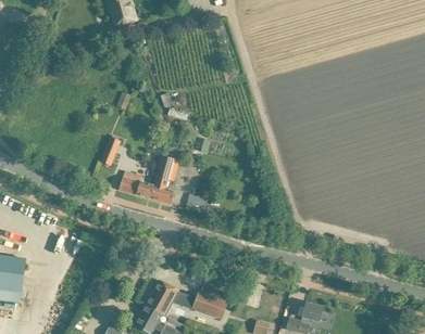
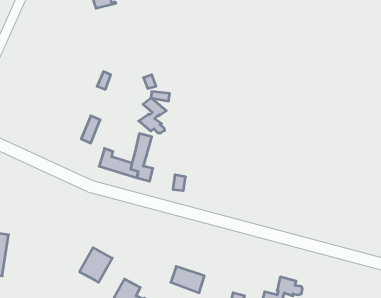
building: none -> [139,98,166,133]
building: [145,280,178,316] -> [80,248,112,282]

